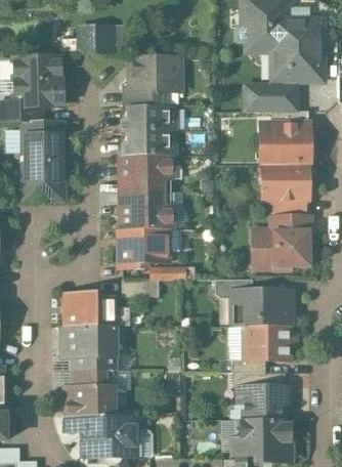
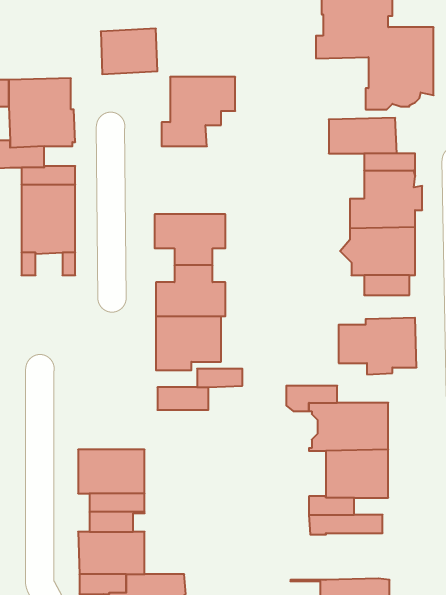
building: [120,105,177,156] -> none
building: [272,214,308,231] -> none
building: [65,292,114,326] -> none
building: [244,386,290,420] -> none

